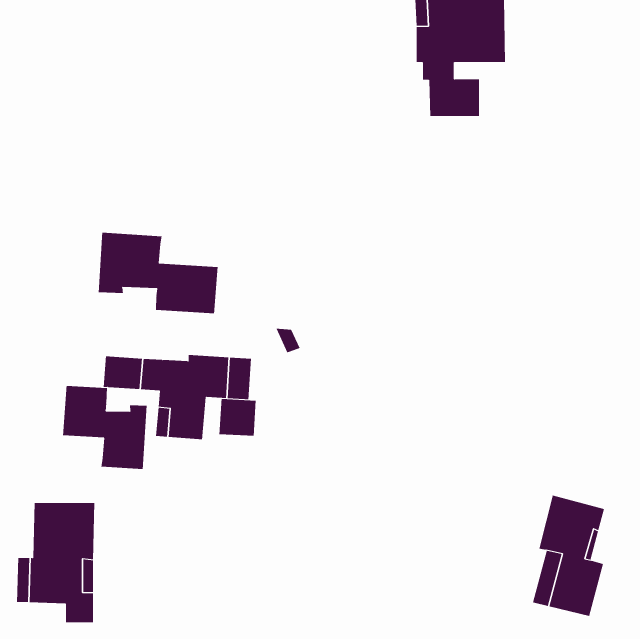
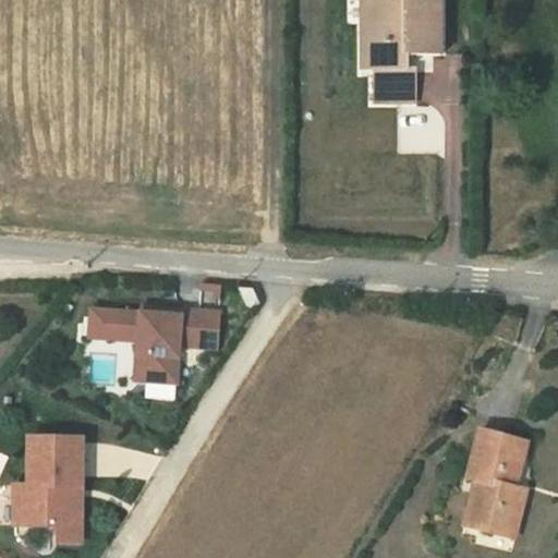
building: [98,232,218,314] -> none
building: [62,385,147,470] -> none
building: [219,398,256,436] -> none

